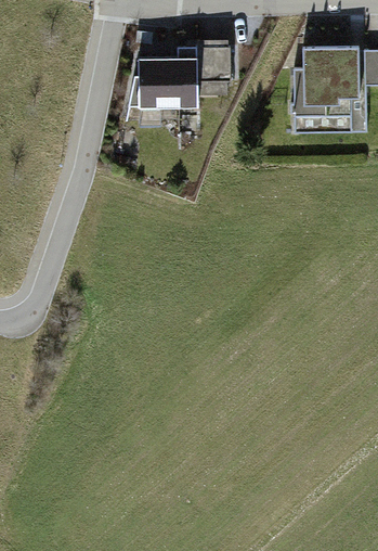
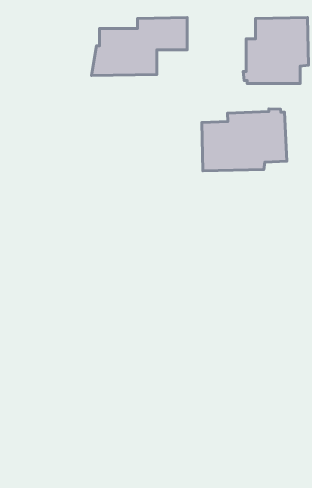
building: none -> [202,109,287,171]

